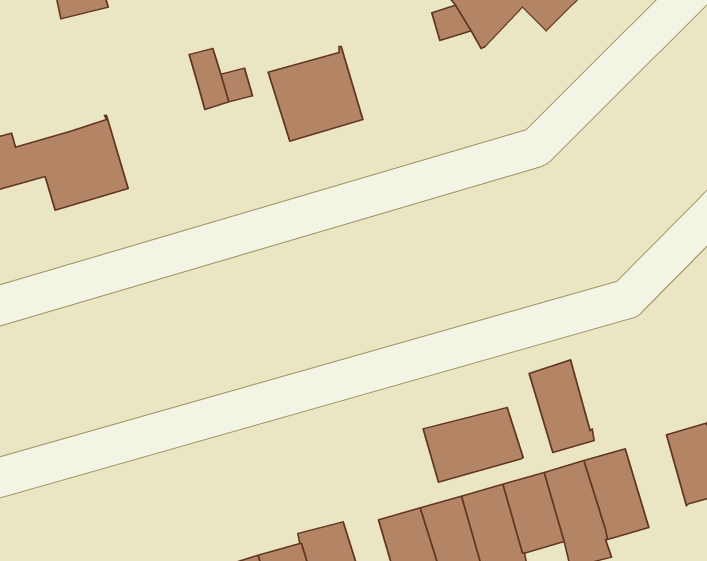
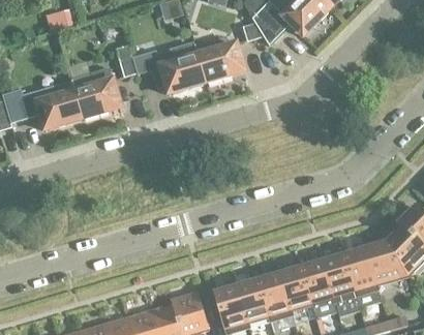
building: none -> [195,40,244,82]
building: none -> [71,67,121,118]
building: [529,360,594,452] -> [344,247,378,296]
building: [423,407,523,482] -> none

